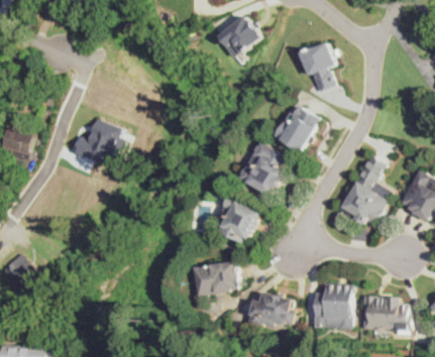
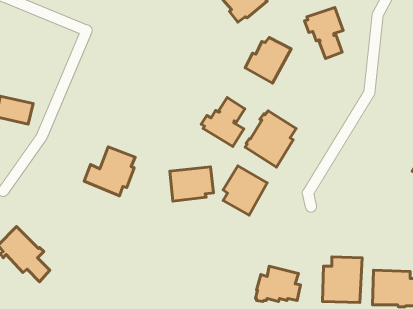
building: [274,107,318,151] -> [245,37,291,83]
building: [73,118,122,165] -> [84,147,135,196]
building: none -> [201,98,245,146]
building: [339,154,390,224] -> none
building: [196,262,238,295] -> [170,167,214,201]

